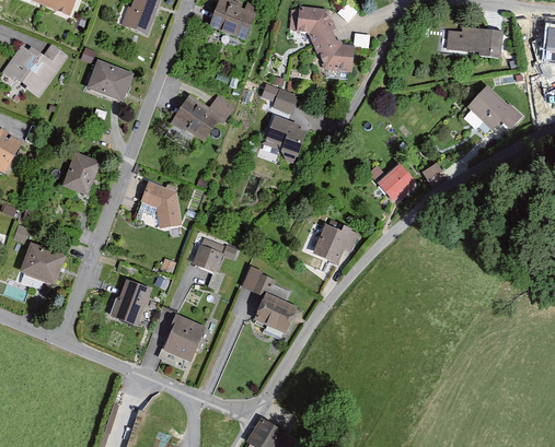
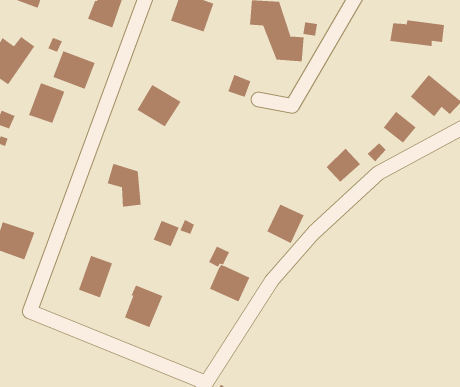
building: [266,118,310,158] -> none
building: none -> [383,111,416,144]
building: [62,153,102,197] -> [28,82,65,123]

